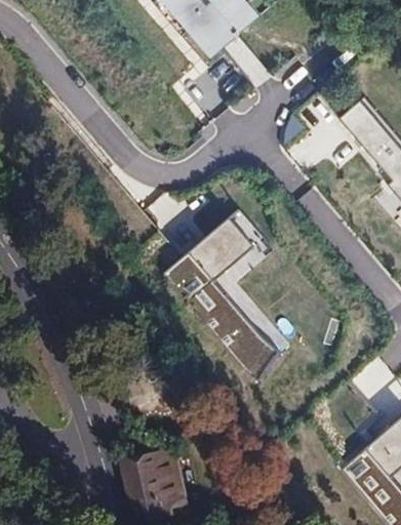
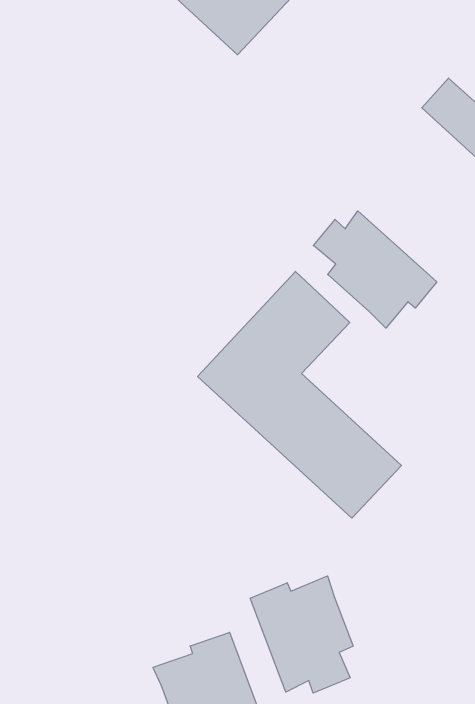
building: none -> [313,211,437,328]
building: none -> [250,576,353,693]

